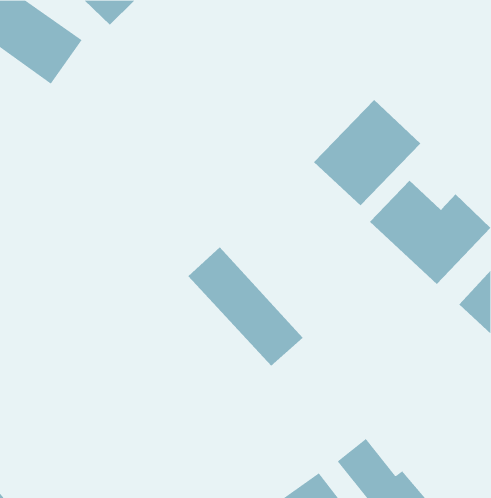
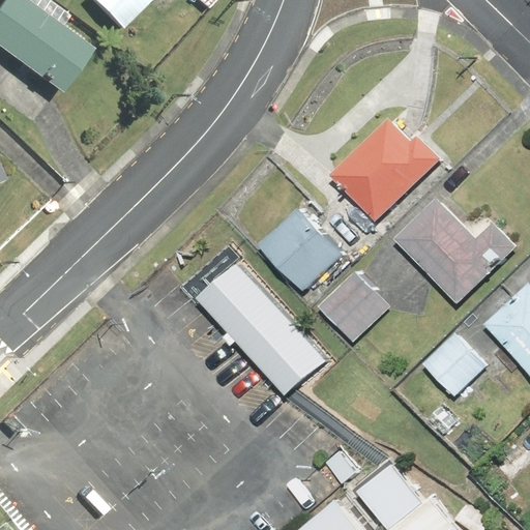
building: none -> [260,206,344,290]
building: none -> [315,268,391,345]
building: none -> [419,330,489,399]

